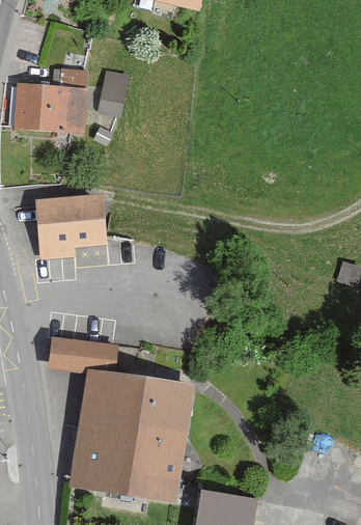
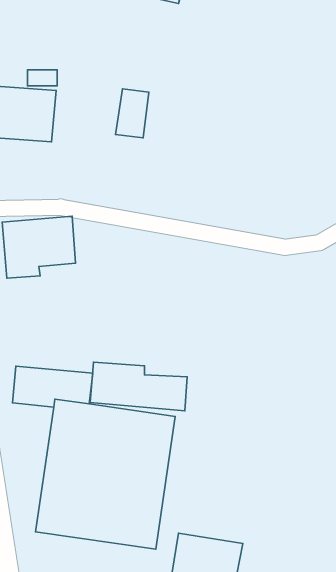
building: [99,70,129,114] -> [116,89,149,138]
building: none -> [90,362,187,411]

